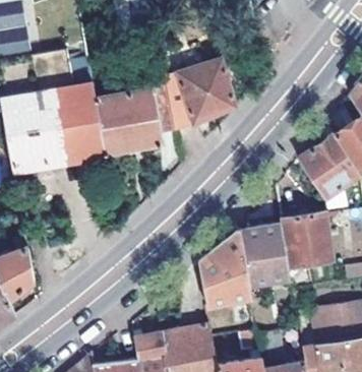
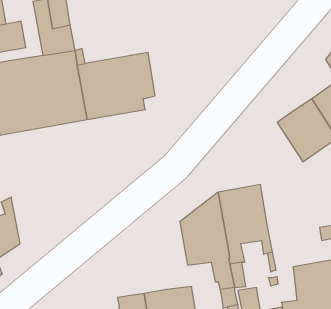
building: [163,58,234,130] -> none
building: [281,210,337,265] -> none

